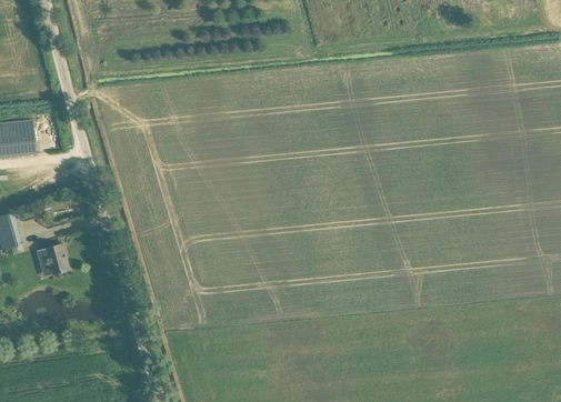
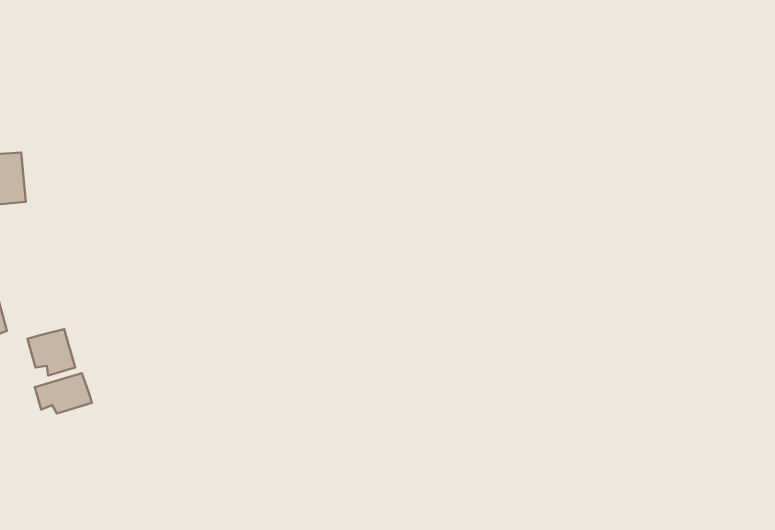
building: none -> [35,373,92,414]

